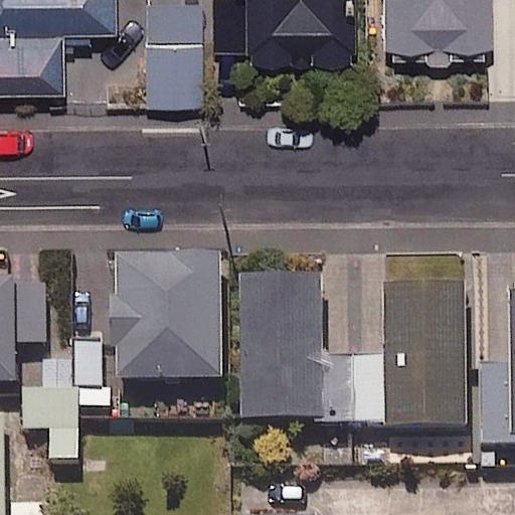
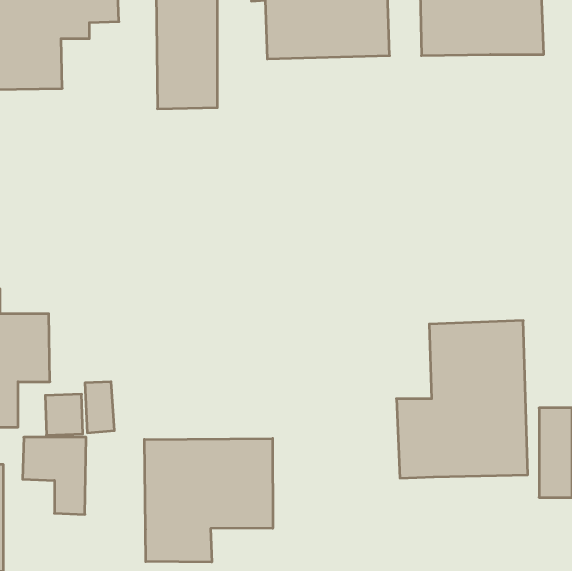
building: [115,252,222,377] -> none
building: [242,277,355,425] -> none
building: none -> [144,438,273,562]

